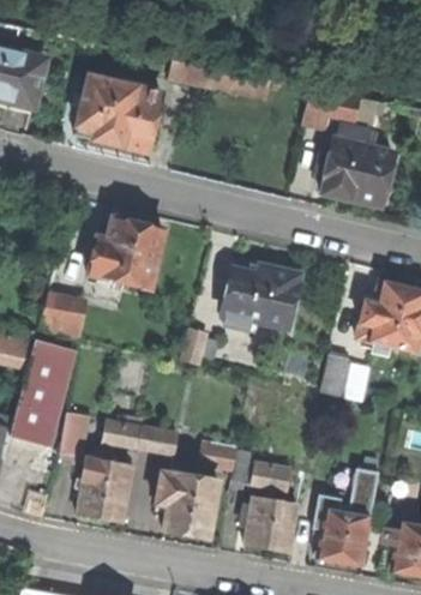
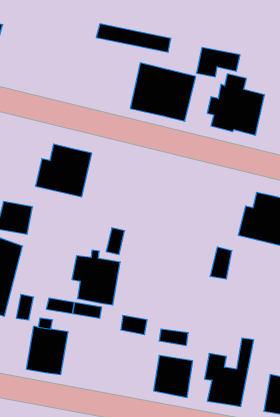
building: [76,76,162,152] -> [130,63,196,121]
building: [222,265,299,326] -> none
building: [155,464,218,536] -> [72,250,120,305]

